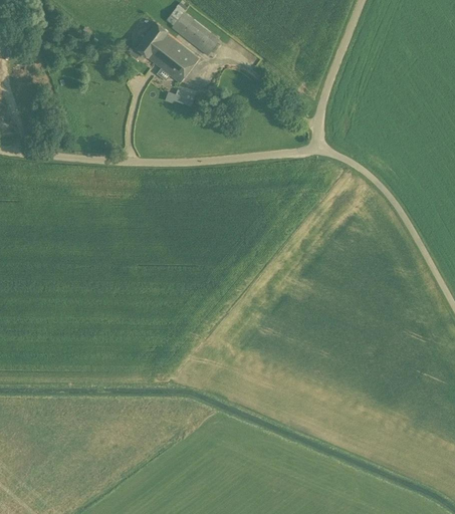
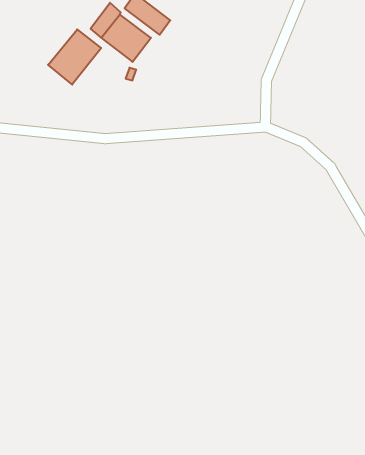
building: none -> [48,29,101,85]

